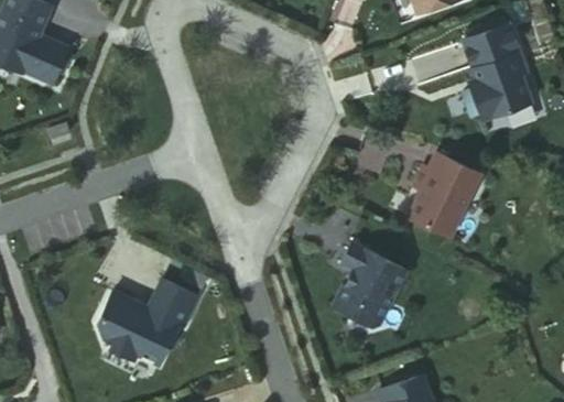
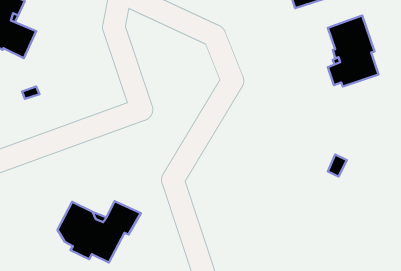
building: [408,155,478,239] -> none
building: [330,245,403,329] -> none

